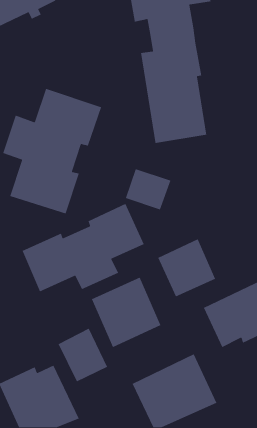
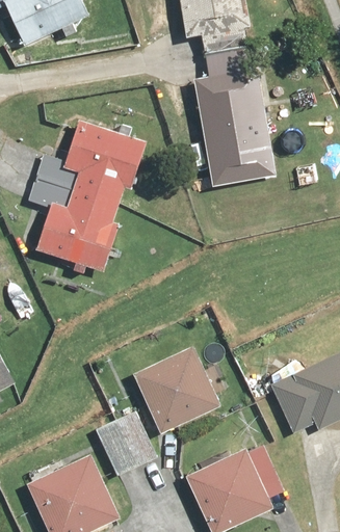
building: [125,168,171,210] -> none
building: [21,203,145,292] -> none
building: [157,238,216,297] -> none

